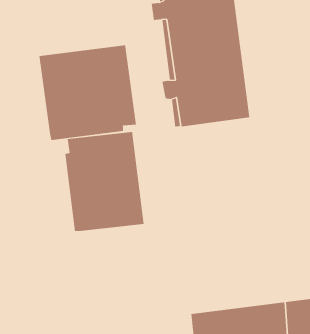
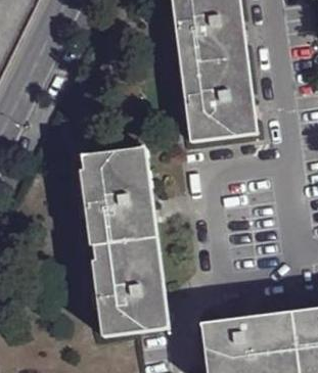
building: [39,45,136,141] -> none
building: none -> [90,236,166,333]

